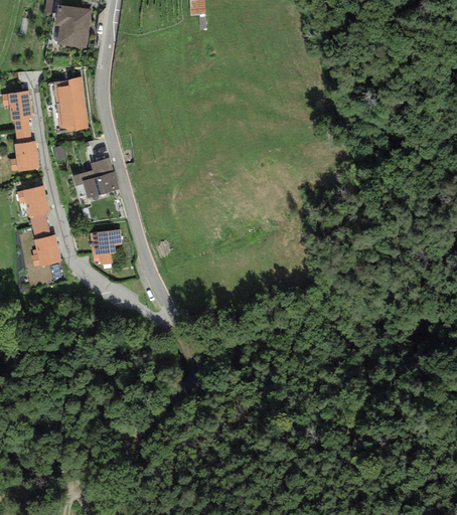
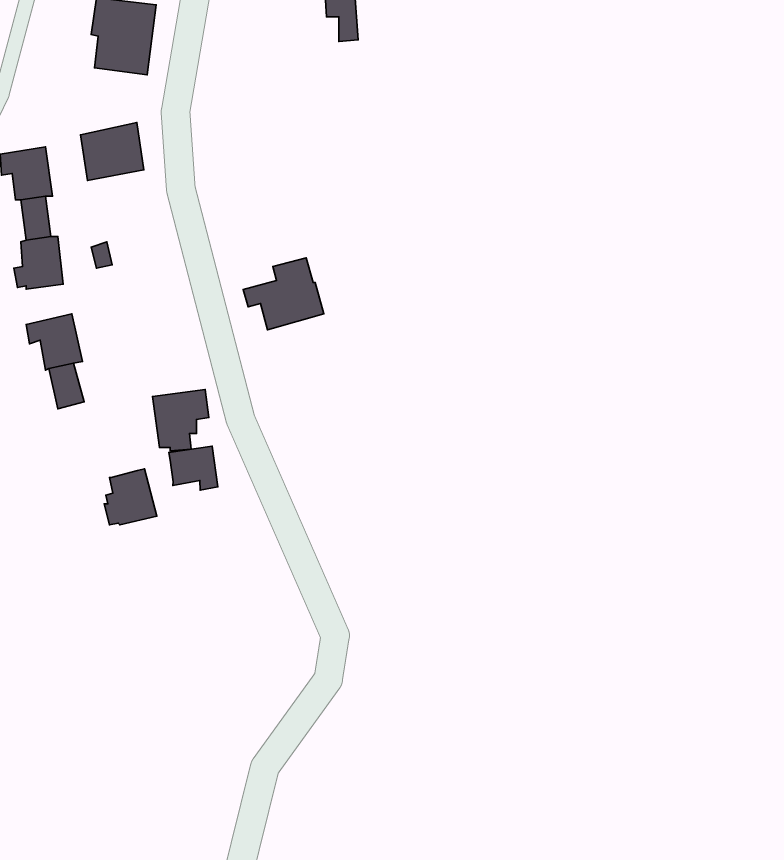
building: [52,103,88,133] -> none
building: [72,157,119,198] -> [243,258,324,330]
building: [31,234,61,267] -> [104,469,157,525]
building: none -> [169,446,218,490]

